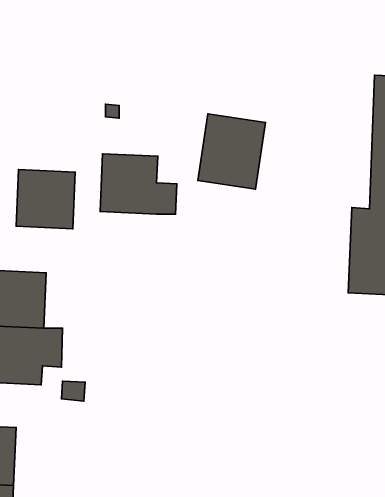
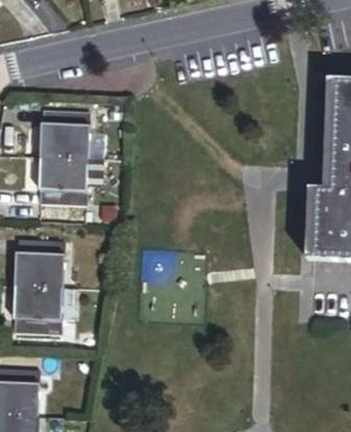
building: [198,114,265,189] -> none
building: [100,154,177,214] -> [39,109,103,159]

